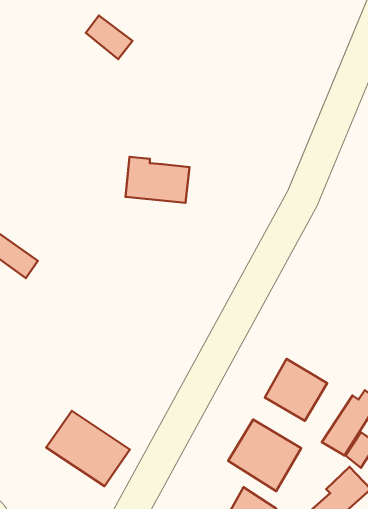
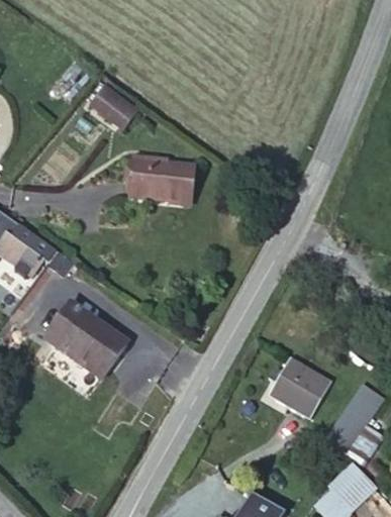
building: [86,15,133,59] -> [90,85,136,128]
building: [46,411,130,486] -> [44,302,127,377]
building: [228,420,301,491] -> none

